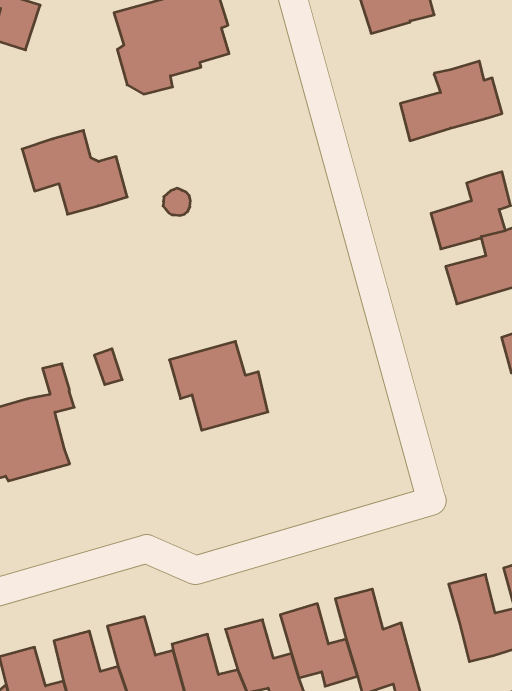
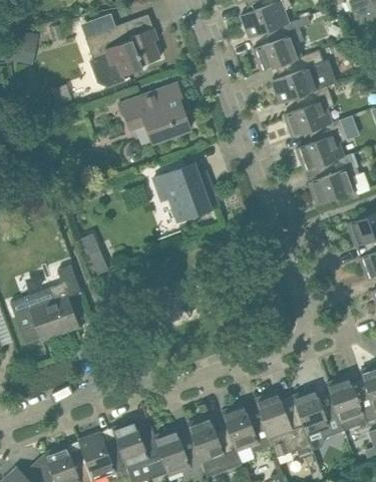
building: none -> [253,20,303,72]
building: none -> [283,86,334,137]
building: [22,130,127,214] -> [120,89,190,143]
building: [169,341,268,430] -> [152,163,218,221]
building: none -> [292,388,343,439]

